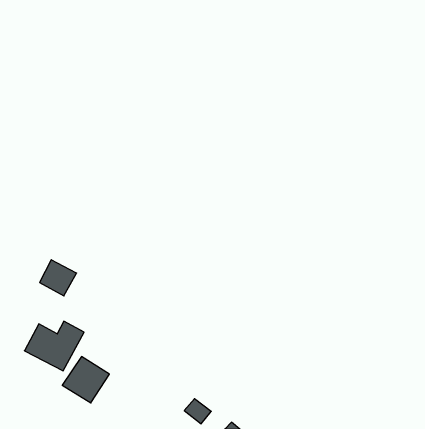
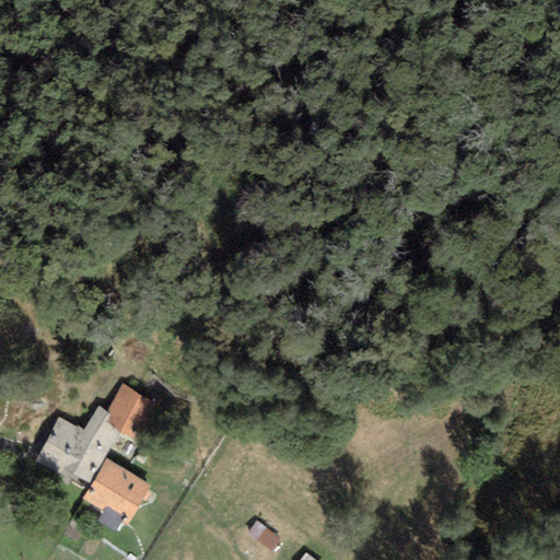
building: [40,260,77,296] -> [108,385,156,432]

